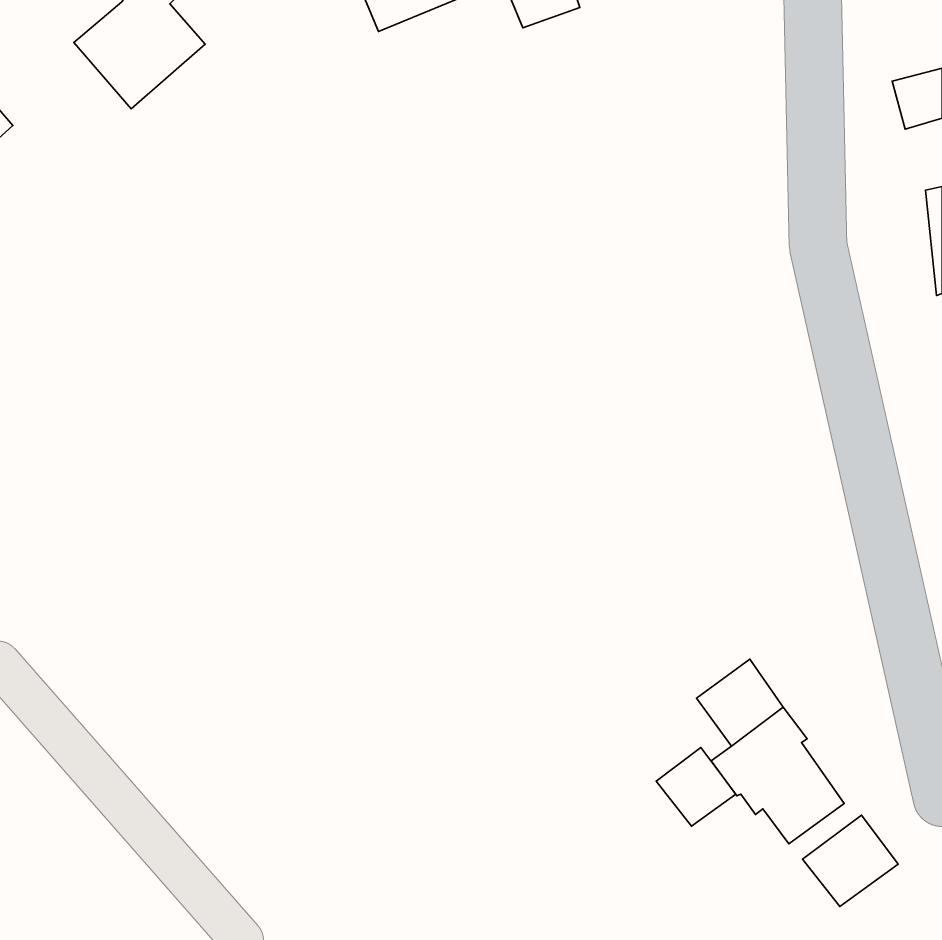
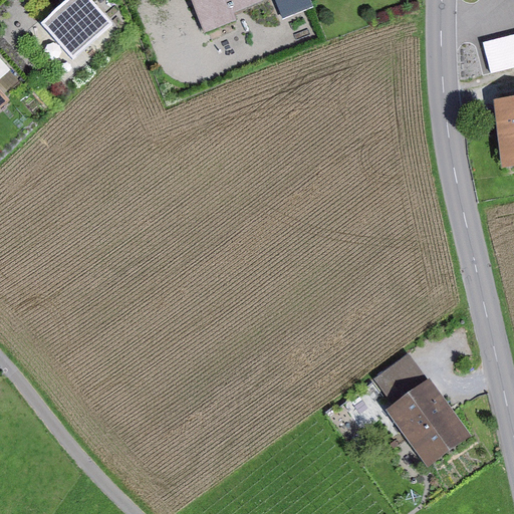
building: [656,747,736,826] -> none
building: [803,815,898,907] -> none

